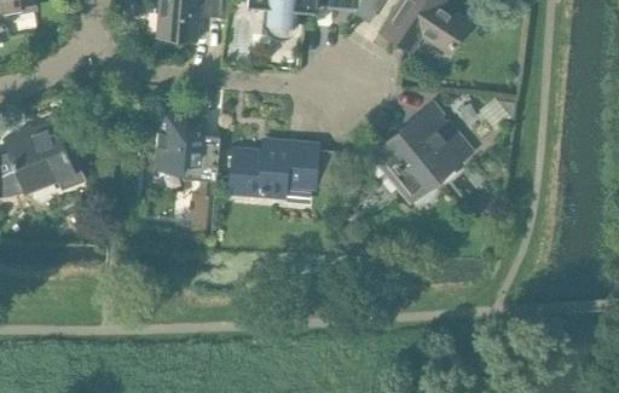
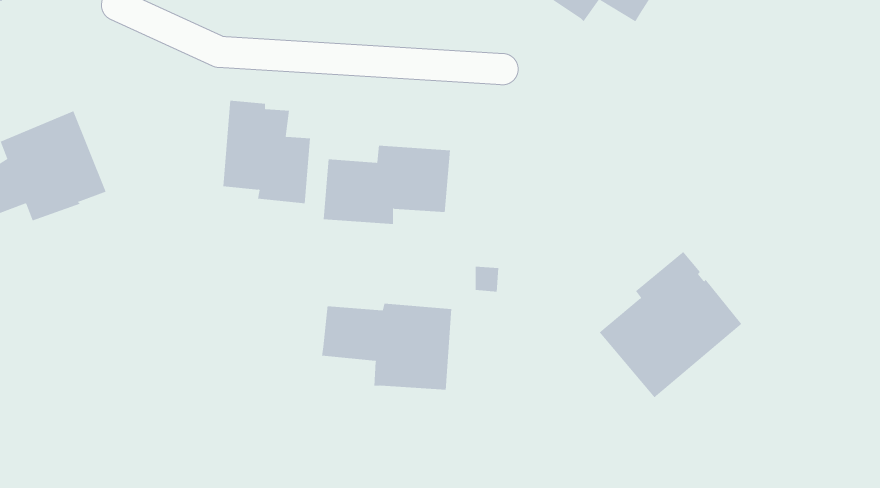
building: [372,102,473,204] -> [599,251,742,398]
building: none -> [321,303,452,391]

